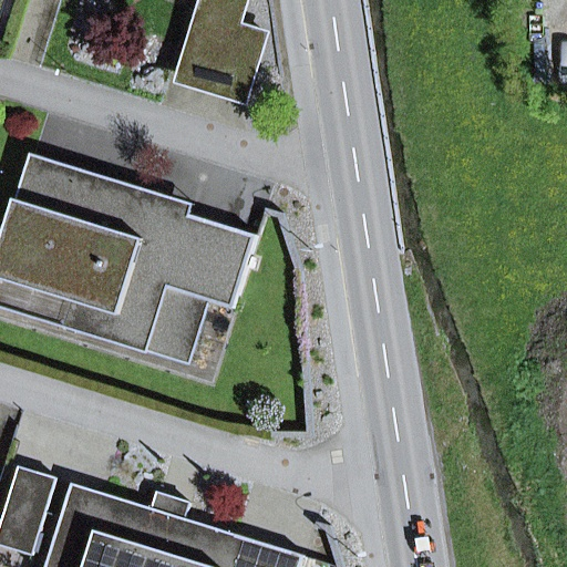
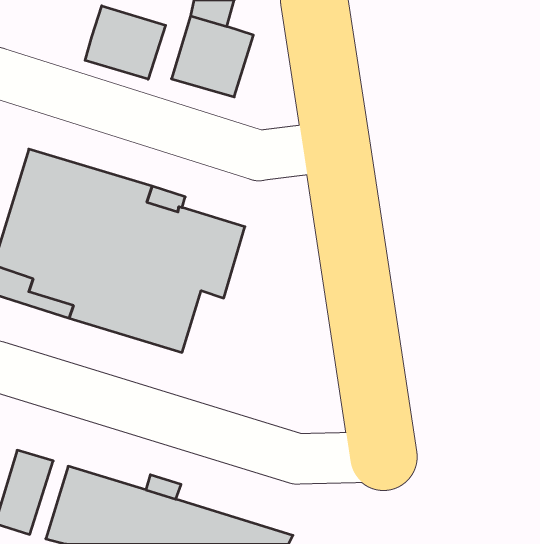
building: none -> [85,6,166,79]

